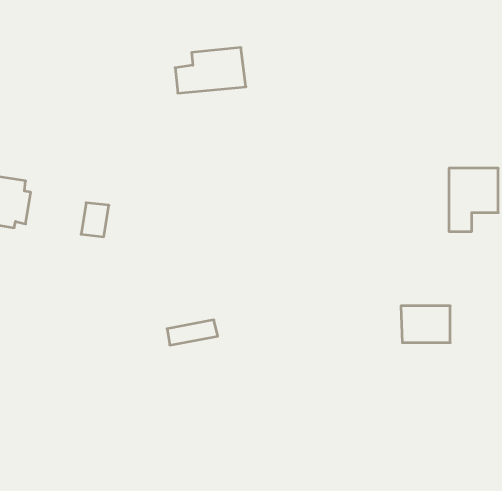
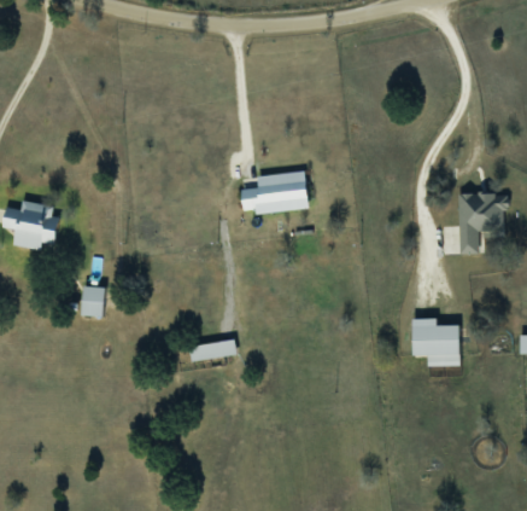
building: [175,48,246,93] -> [240,170,308,214]
building: [81,203,109,237] -> [78,285,105,318]

